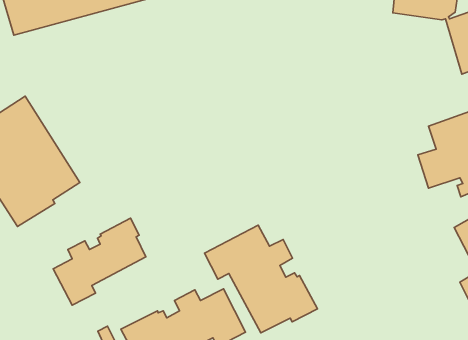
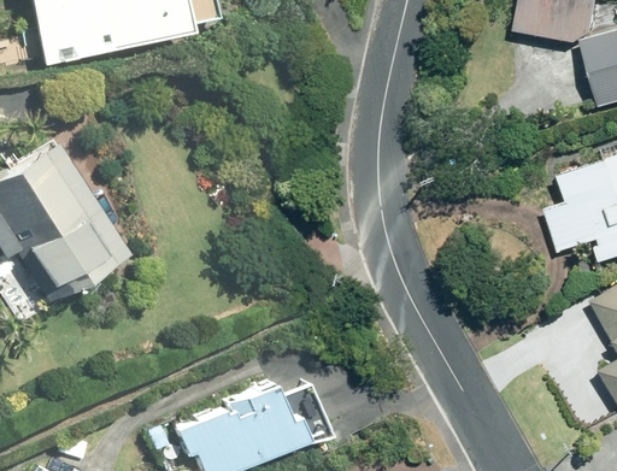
building: [53,218,146,305] -> none
building: [204,225,318,333] -> none

